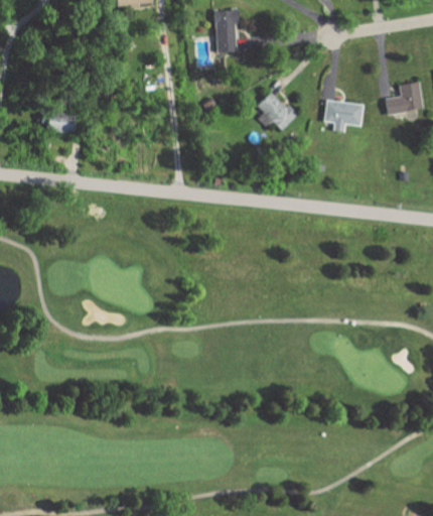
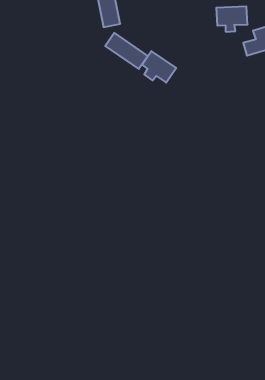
building: none -> [105,33,148,69]
building: [324,100,364,132] -> [216,6,248,32]

